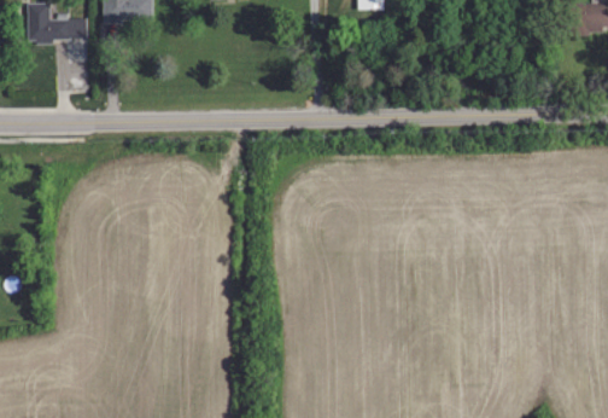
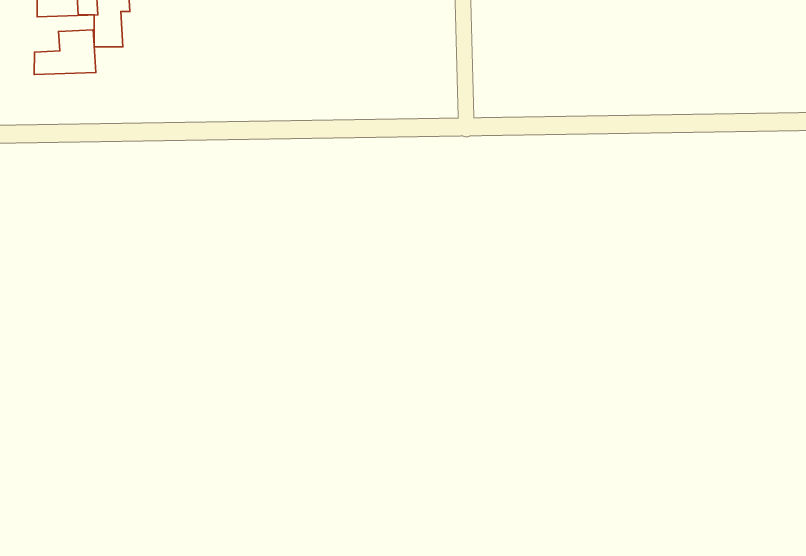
building: none -> [34,30,96,74]

